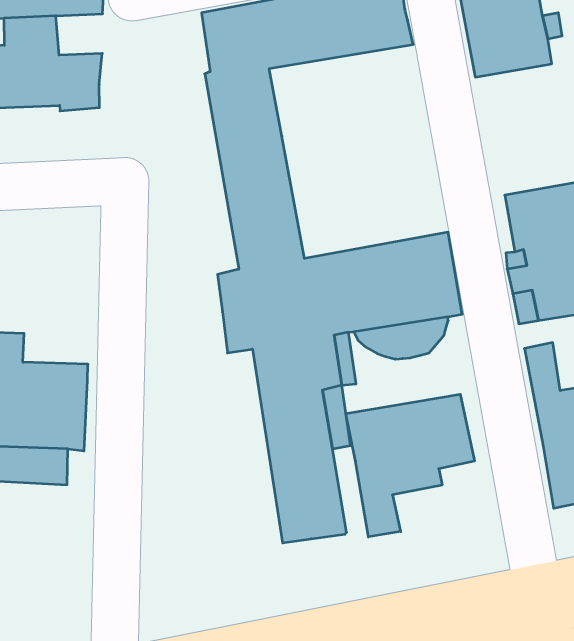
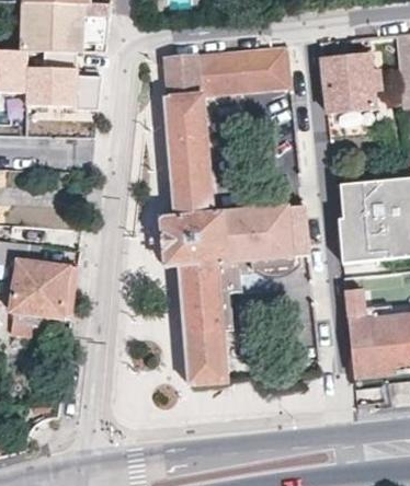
building: [346,394,474,537] -> none

